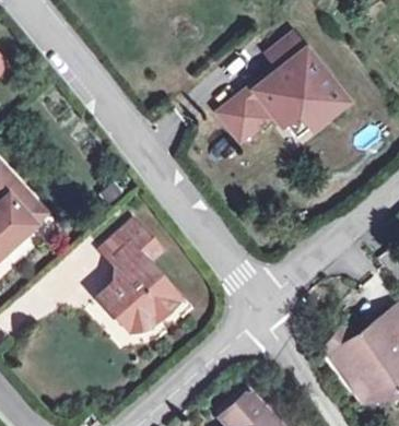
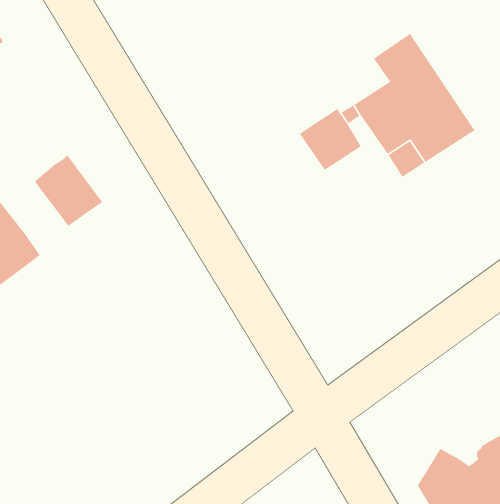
building: none -> [34,154,103,227]
building: [99,222,179,331] -> none

